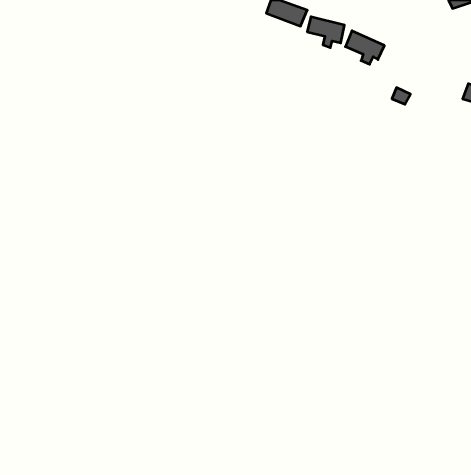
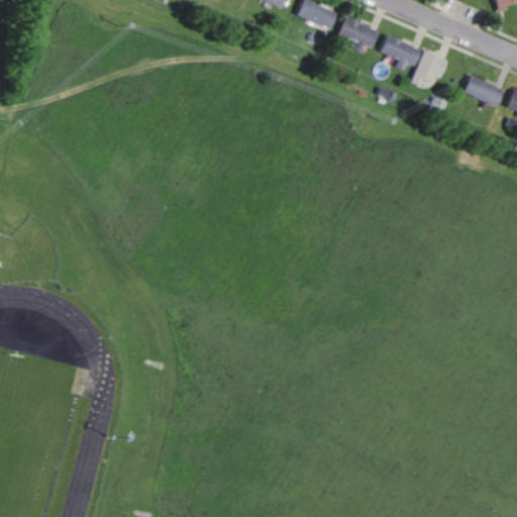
building: none -> [412,51,449,87]
building: none -> [462,75,506,108]

